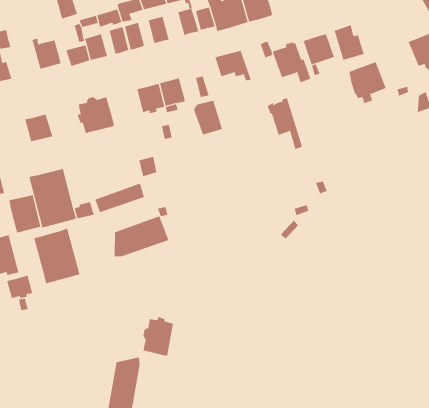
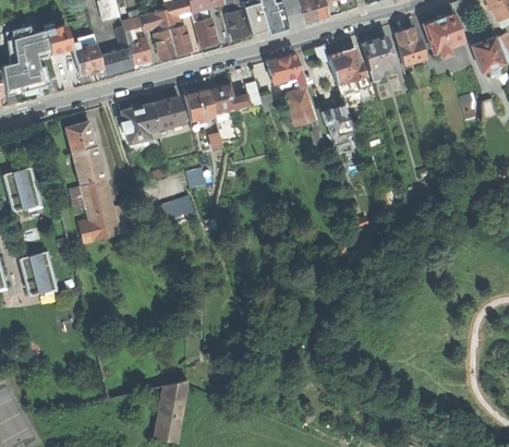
building: none -> [45,25,73,55]
building: [348,62,386,104] -> [423,13,463,58]
building: none -> [152,98,184,130]
building: [193,100,223,135] -> [284,88,316,125]
building: [8,194,41,233] -> [71,145,106,186]
building: [114,216,169,257] -> none
building: [34,228,80,284] -> none
building: [7,275,33,299] -> none
building: [143,316,173,356] -> none

